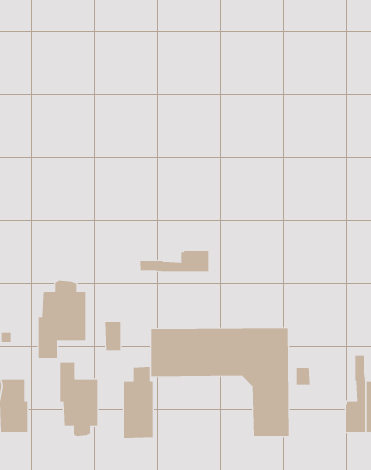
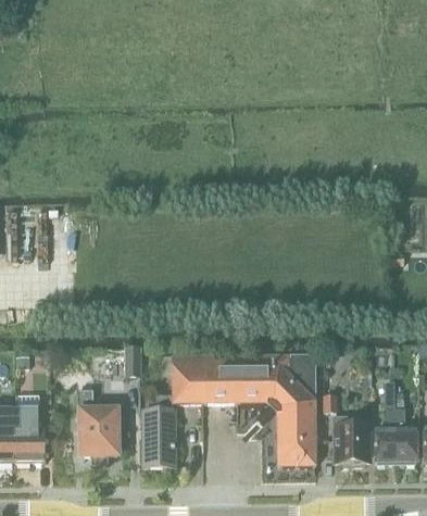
building: [140,250,209,272] -> none
building: [38,280,86,359] -> none
building: none -> [332,415,368,464]

